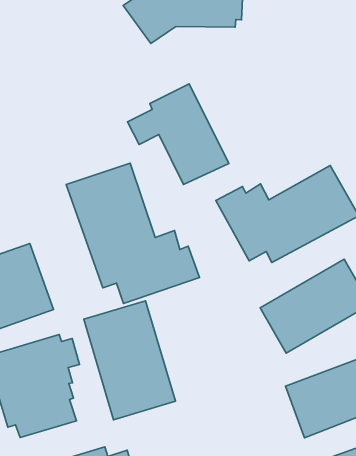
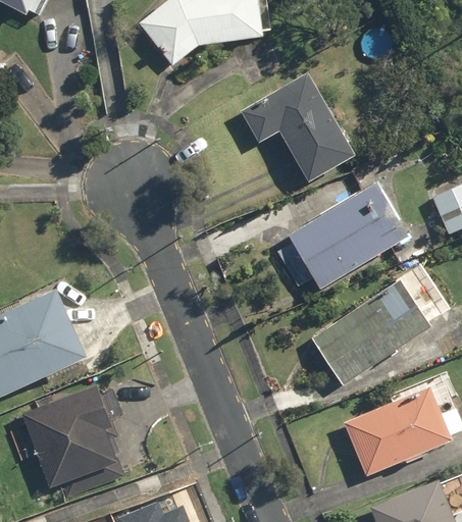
building: [128,84,229,185] -> [245,73,357,182]
building: [66,163,199,303] -> none
building: [84,301,175,420] -> none

